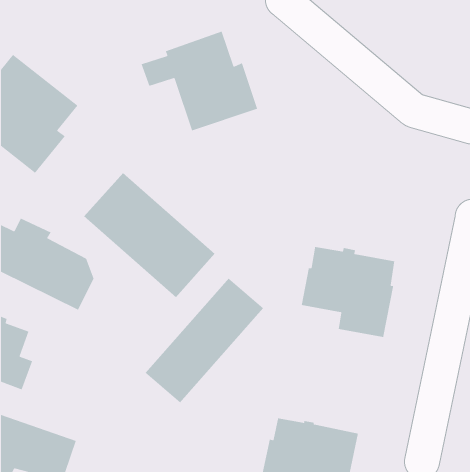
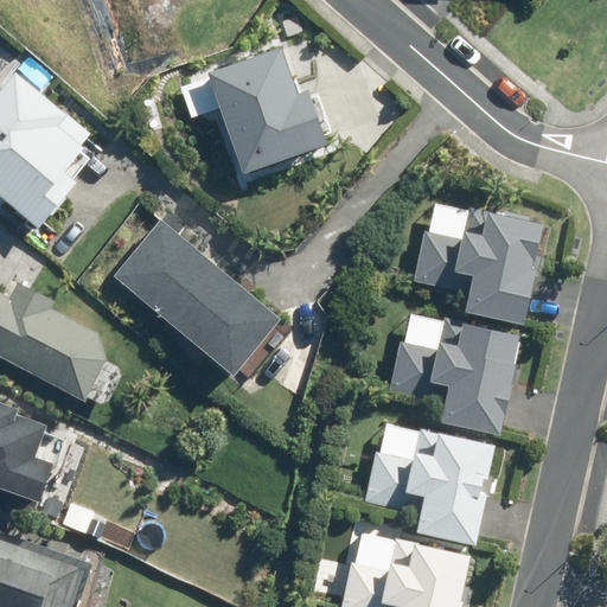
building: none -> [413,204,533,324]
building: [145,278,264,403] -> none
building: none -> [363,426,487,545]

